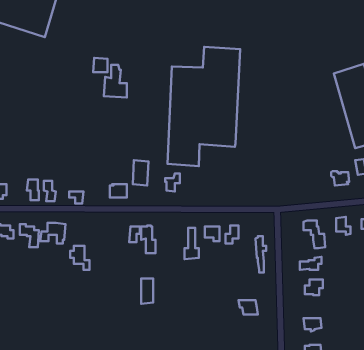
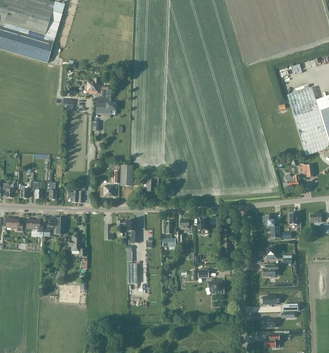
building: [167,47,240,166] -> none

